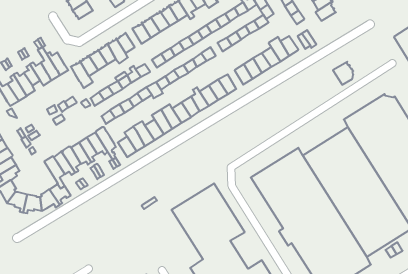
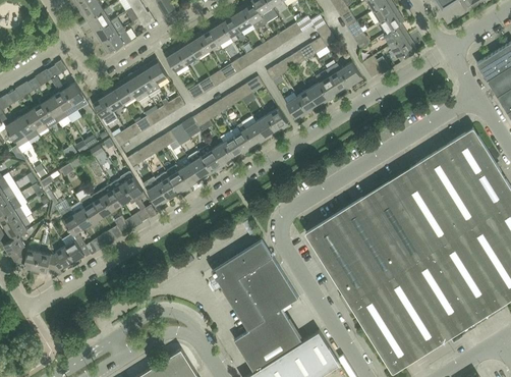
building: none -> [100,29,131,55]
building: [333,62,353,85] -> [390,35,414,62]

